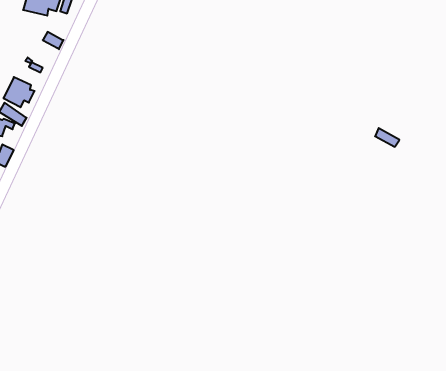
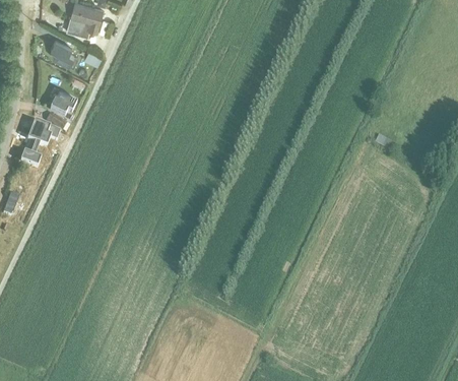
building: none -> [50,40,77,68]

